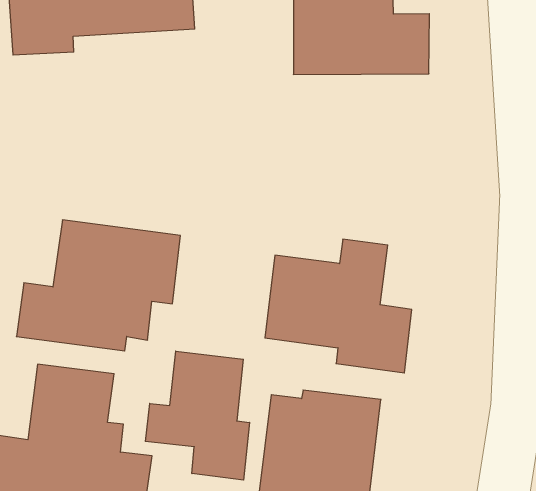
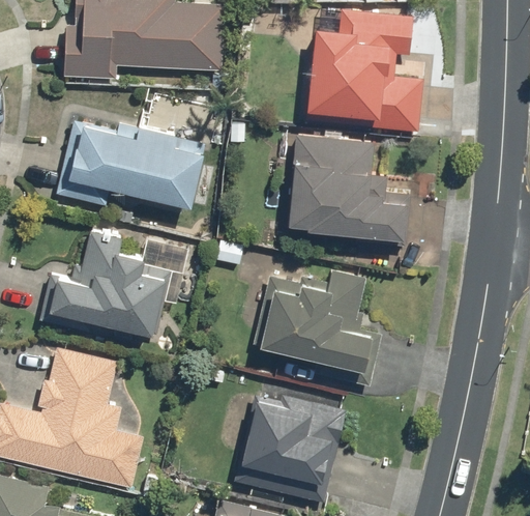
building: none -> [286,136,413,239]
building: none -> [55,121,204,208]
building: [145,351,250,480] -> none

